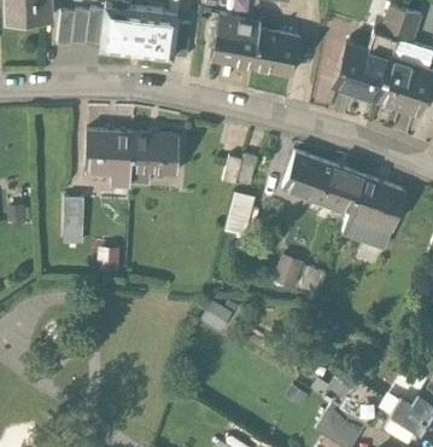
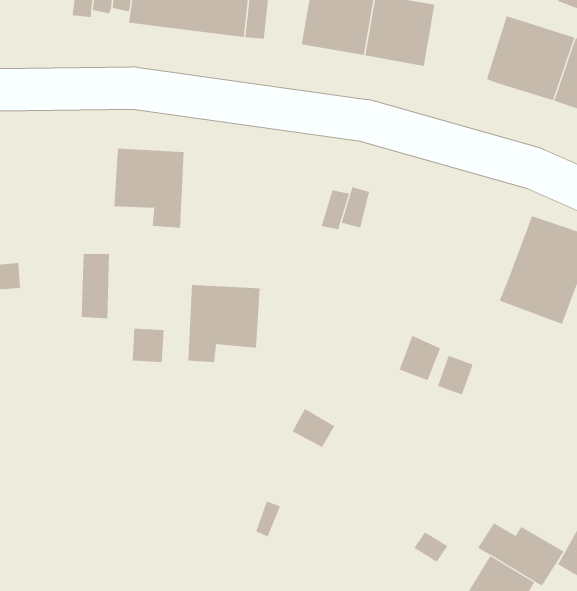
building: [130,134,179,186] -> [188,284,260,363]
building: [283,152,363,215] -> none
building: [226,195,254,236] -> none

